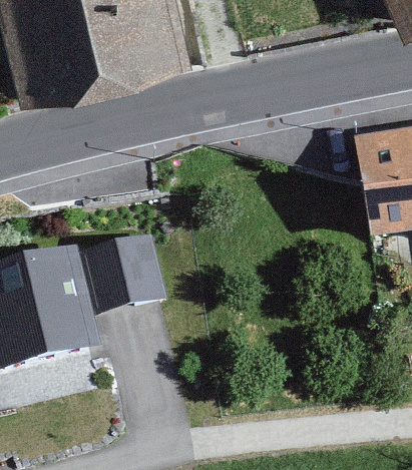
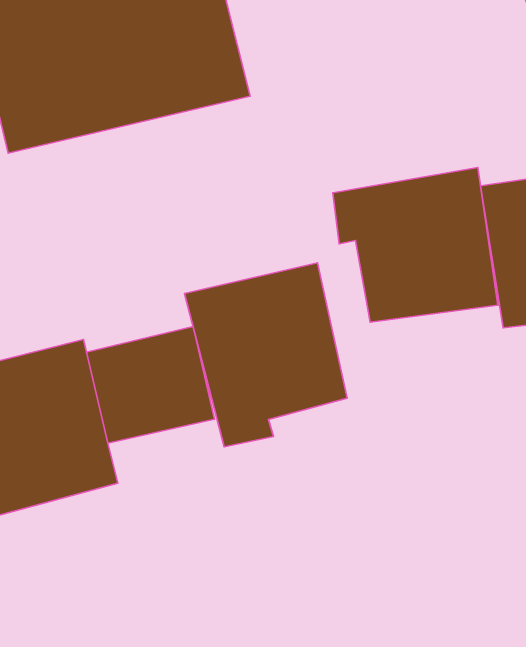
building: none -> [333,167,498,322]
building: none -> [185,263,347,447]

